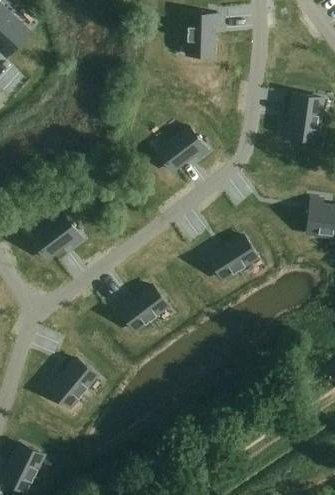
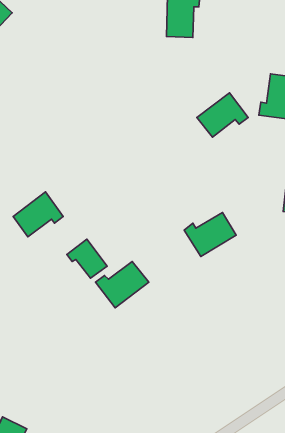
building: [157,128,209,173] -> [197,93,248,137]
building: none -> [67,239,107,278]
building: [46,359,98,409] -> none

